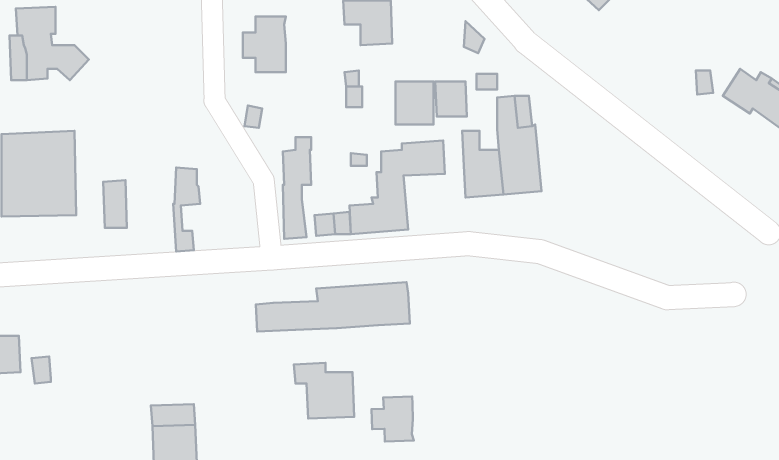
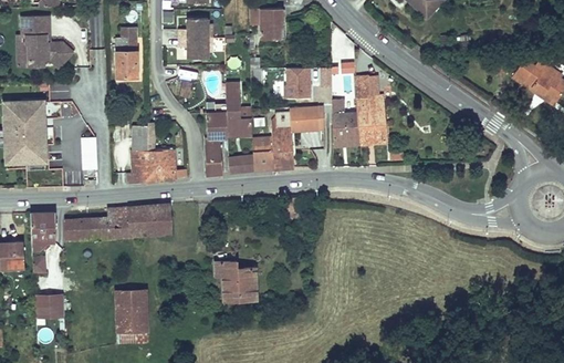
building: none -> [116,29,137,79]
building: none -> [226,83,252,137]
building: none -> [136,151,175,184]
building: [256,282,410,331] -> [64,206,171,240]
building: none -> [30,214,56,248]
building: [372,396,414,441] -> none
building: none -> [35,295,65,318]

